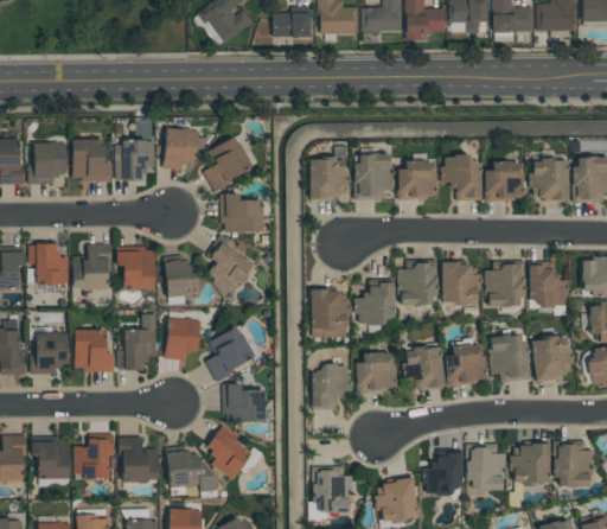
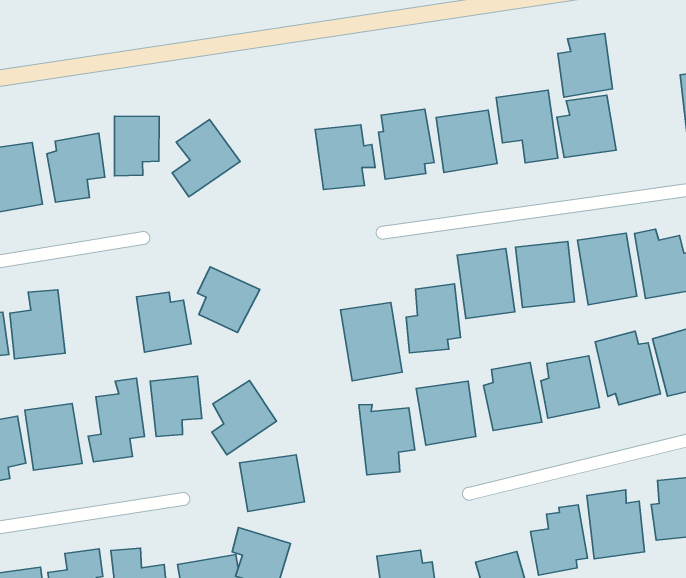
building: [532,159,568,200] -> [558,34,612,97]
building: [222,193,263,232] -> none
building: [116,249,155,288] -> none

